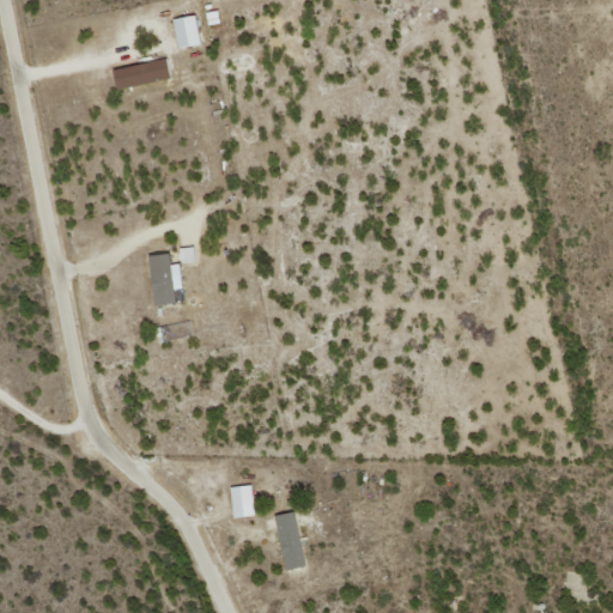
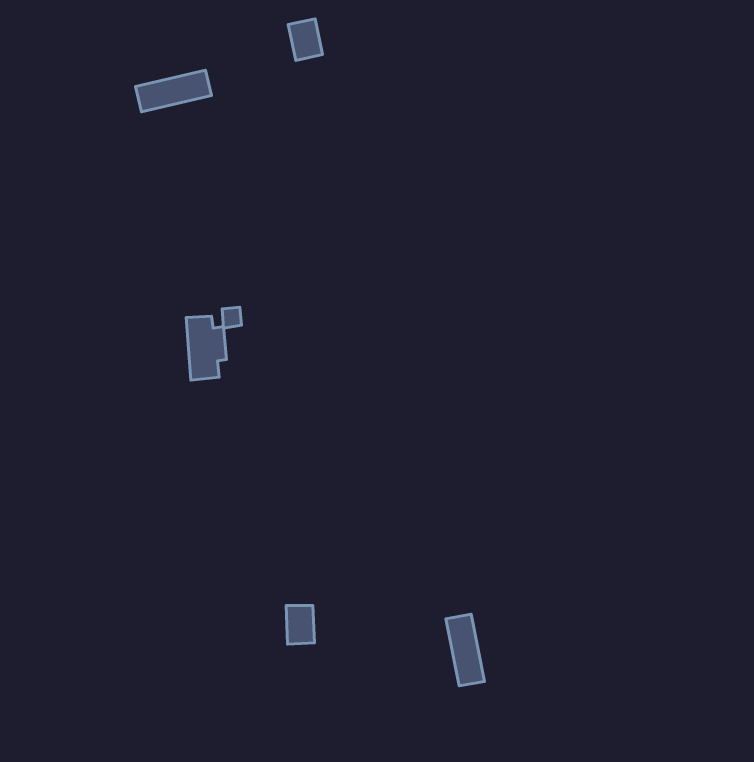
building: [172,14,200,48] -> [288,19,323,60]
building: [274,512,305,570] -> [446,614,485,686]

